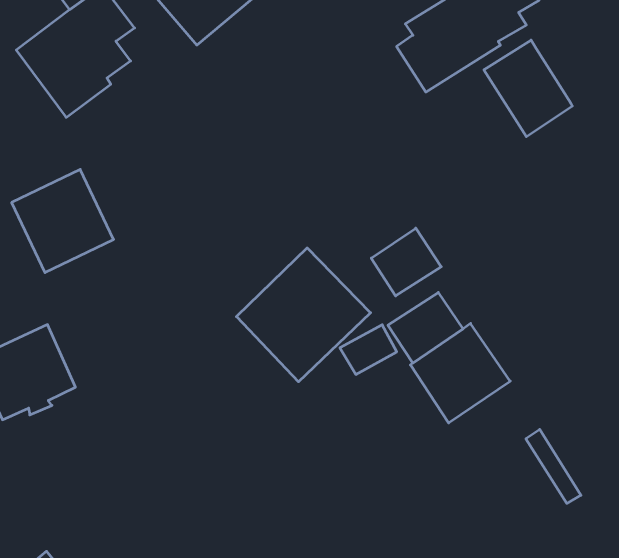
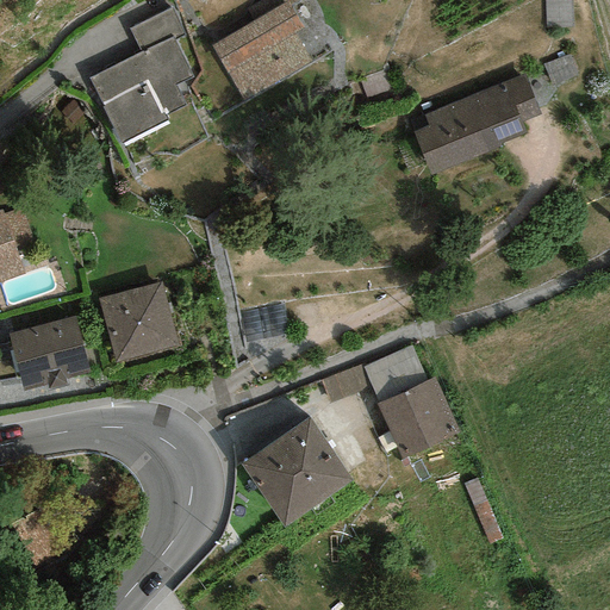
building: [484,40,572,137] -> none
building: [12,169,114,273] -> [99,280,180,362]
building: [371,228,441,296] -> none
building: [236,248,371,382] -> [241,415,355,527]

